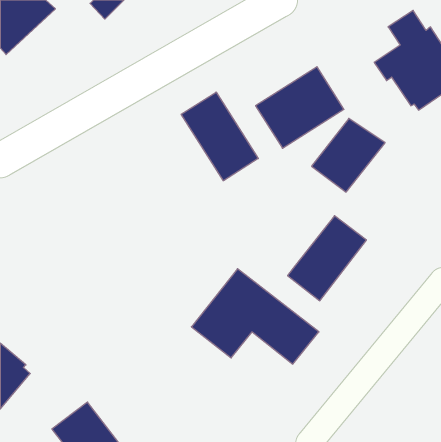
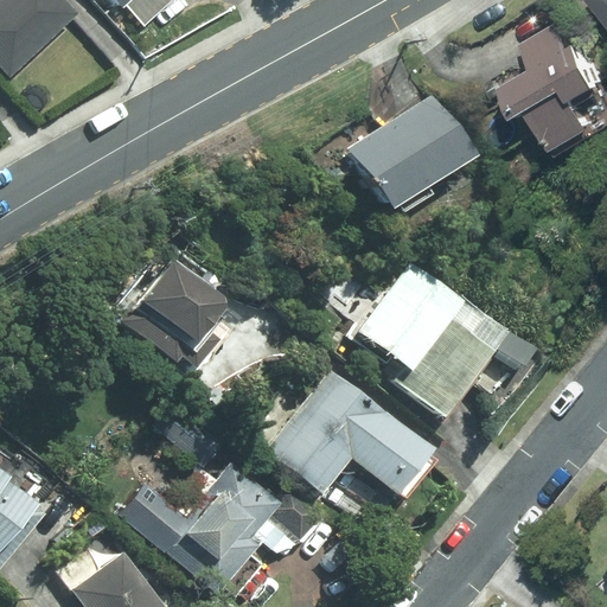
building: [181,92,258,181] -> none
building: [312,118,385,192] -> [359,263,460,364]
building: none -> [123,257,230,373]
building: none -> [117,410,301,590]

